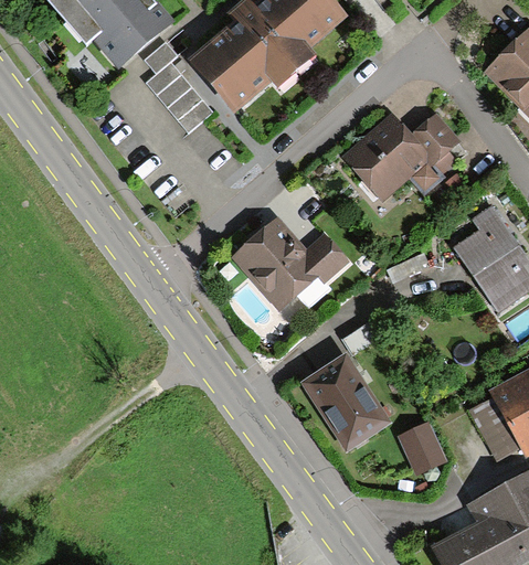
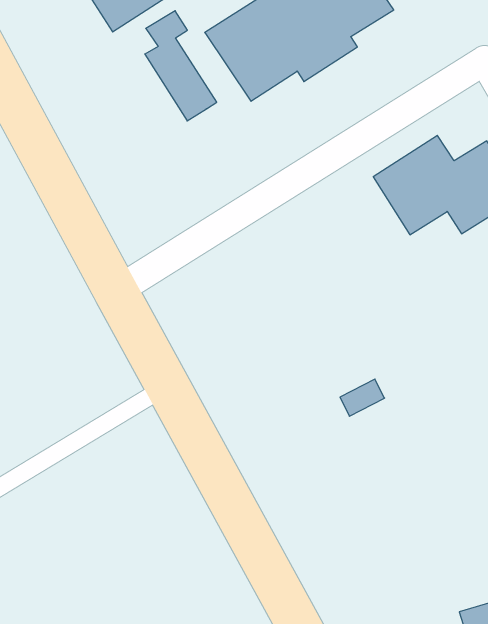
building: [232,217,345,308] -> none
building: [303,354,387,449] -> none
building: [399,423,445,473] -> none

